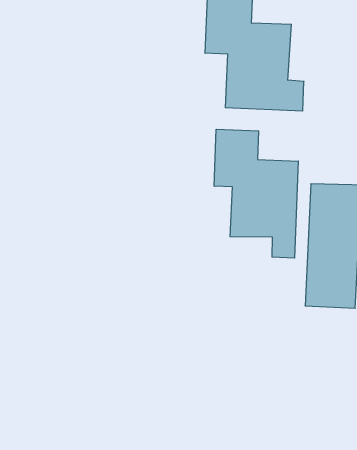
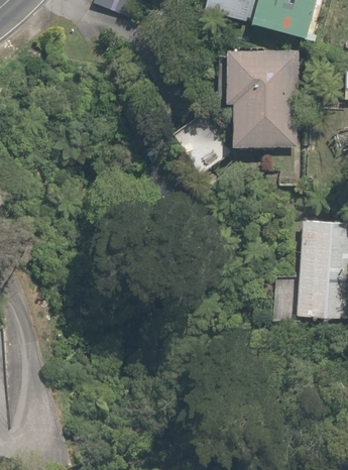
building: [214,129,298,258] -> none

